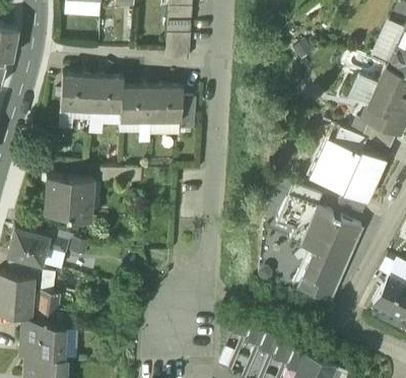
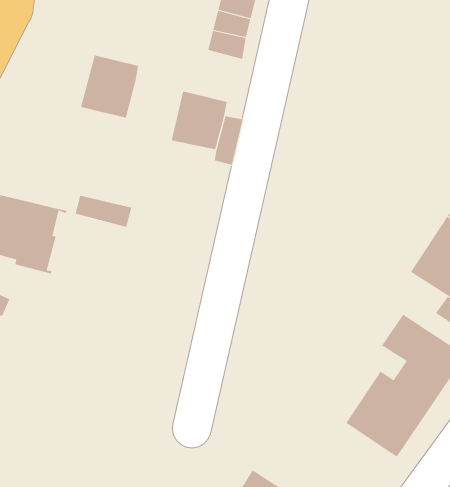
building: [60,74,93,111] -> none
building: [121,87,153,122] -> none

